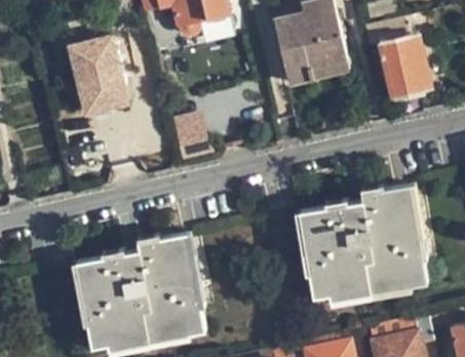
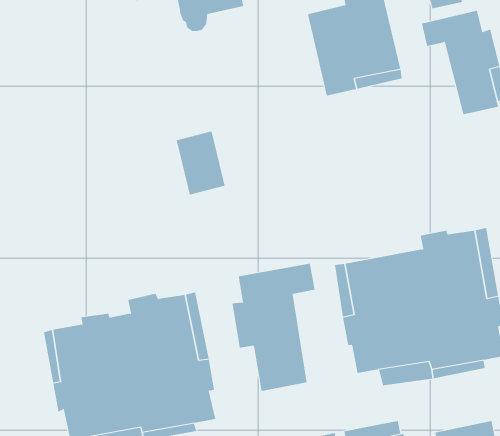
building: [65,32,131,117] -> none
building: none -> [232,263,315,392]

